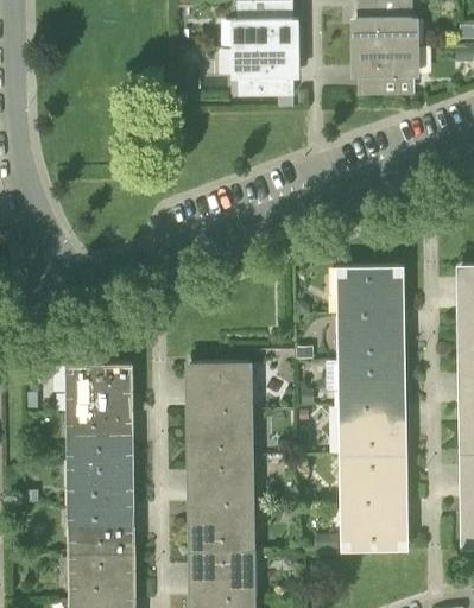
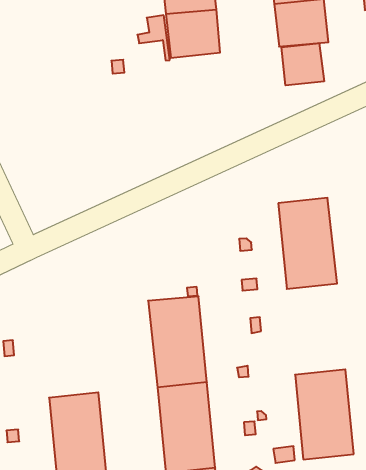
building: none -> [282,43,324,85]
building: [345,361,402,457] -> none
building: [71,363,128,460] -> none

